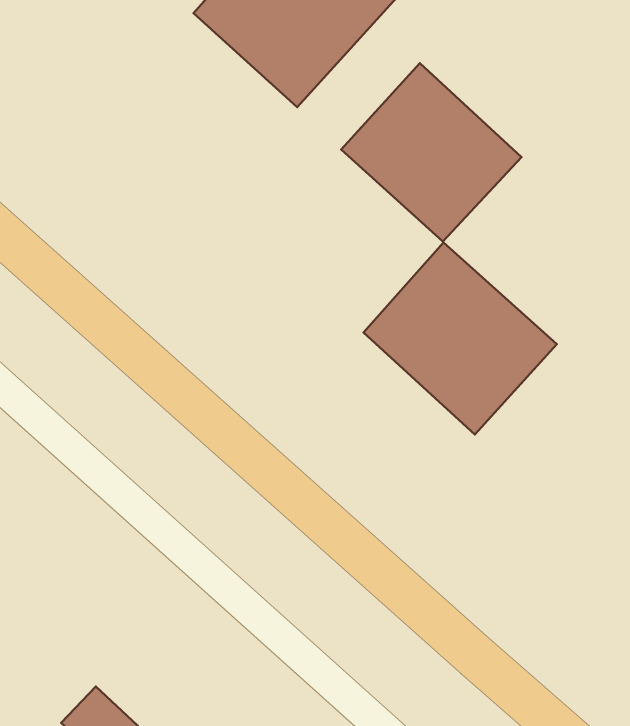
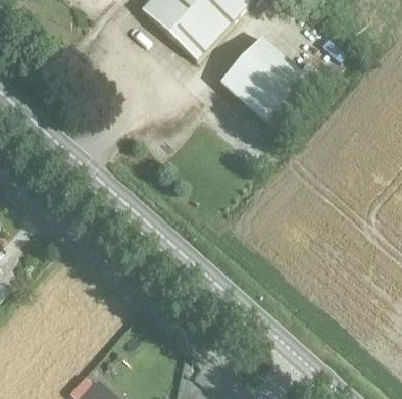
building: [364,242,557,434] -> none

